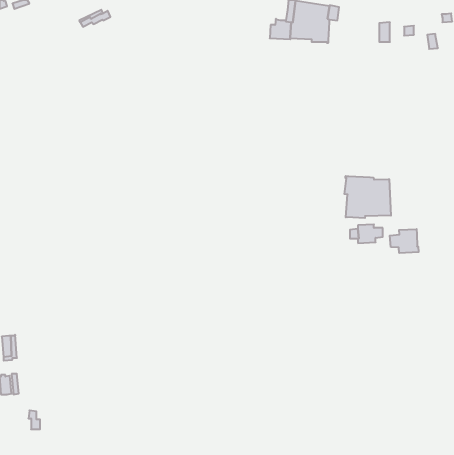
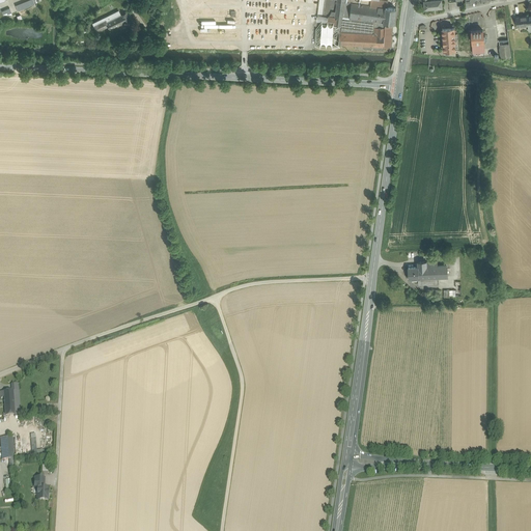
building: [344,176,391,218] -> none
building: [390,229,419,253] -> none

